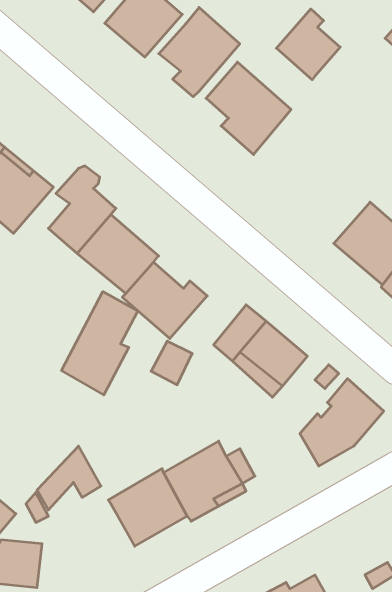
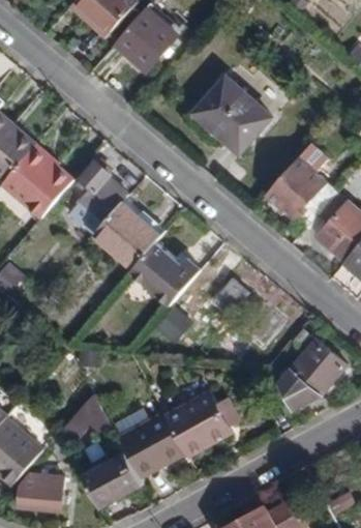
building: [159,7,240,97] -> none
building: [276,9,340,80] -> none
building: none -> [266,158,334,226]
building: [62,292,138,395] -> none
building: none -> [83,450,143,506]

